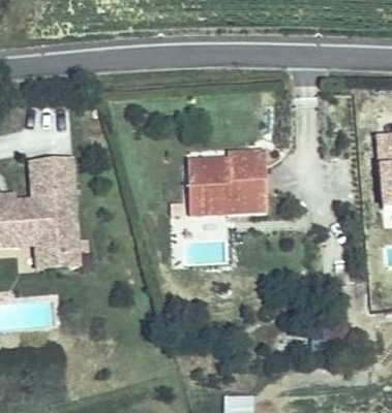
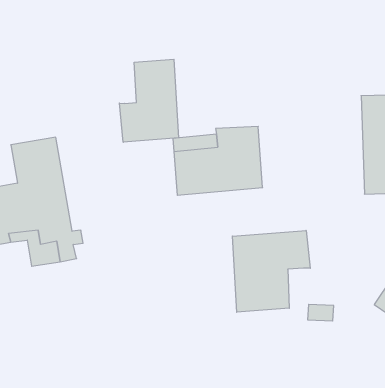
building: none -> [119,59,179,142]
building: none -> [232,230,310,312]

